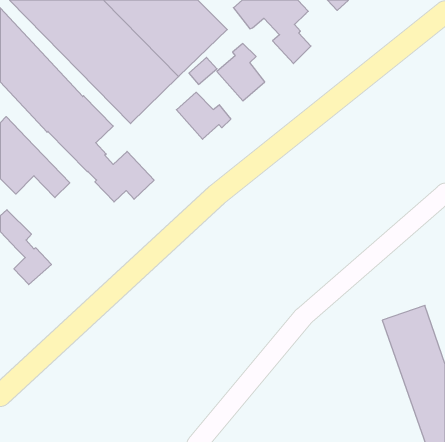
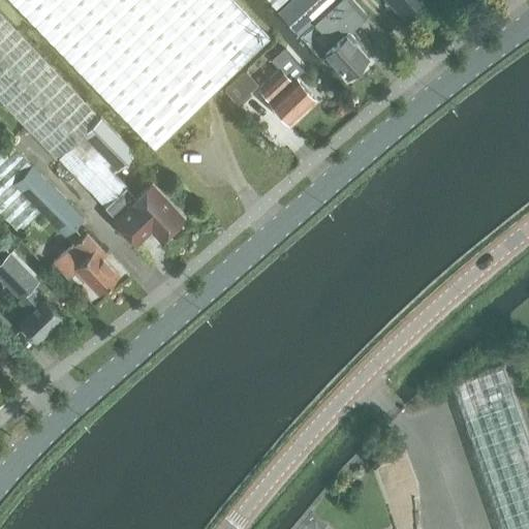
building: [176,92,231,139] -> none
building: none -> [53,234,118,293]

